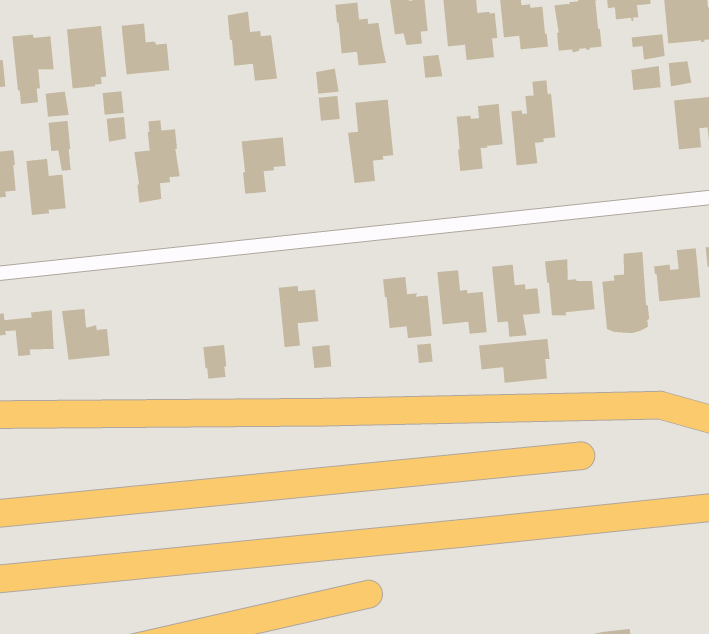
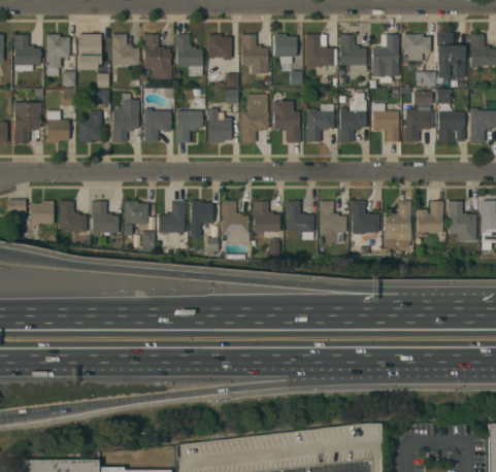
building: none -> [207,34,231,59]
building: none -> [142,34,173,88]
building: none -> [370,103,398,141]
building: none -> [404,108,432,142]
building: none -> [272,100,300,142]
building: none -> [207,107,231,142]
building: none -> [143,108,170,141]
building: none -> [78,110,101,141]
building: none -> [220,200,247,241]
building: none -> [158,200,185,232]
building: none -> [125,200,147,223]
building: none -> [91,200,118,235]
building: [479,338,550,383] -> none

